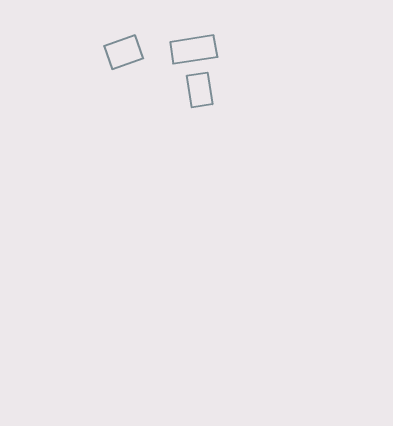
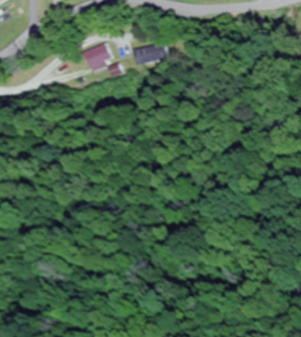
building: [187,73,212,107] -> none

